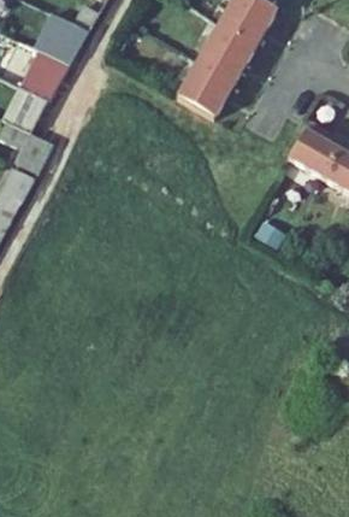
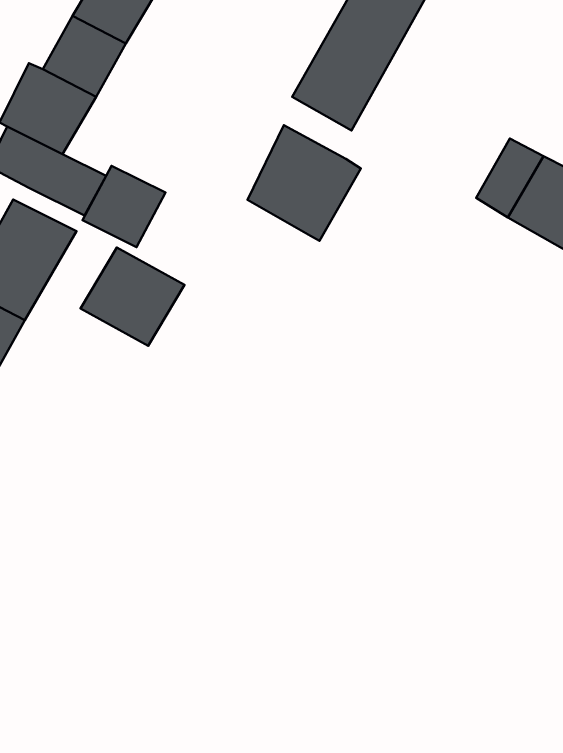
building: none -> [247,125,361,241]
building: none -> [82,166,166,247]
building: none -> [80,248,184,346]

